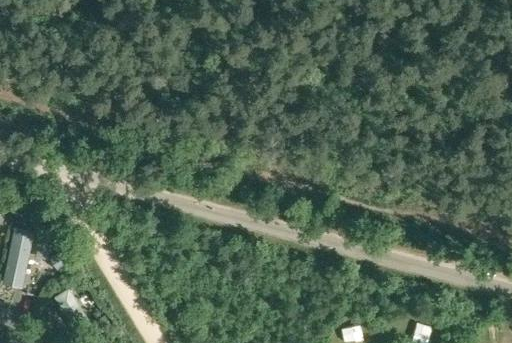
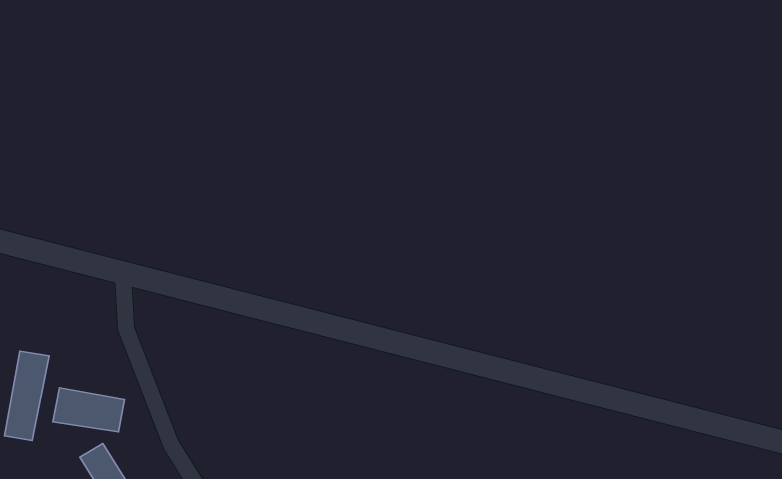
building: none -> [53,388,125,432]

